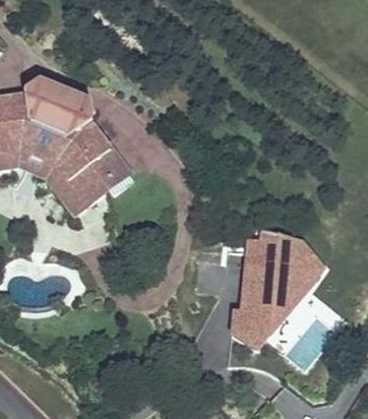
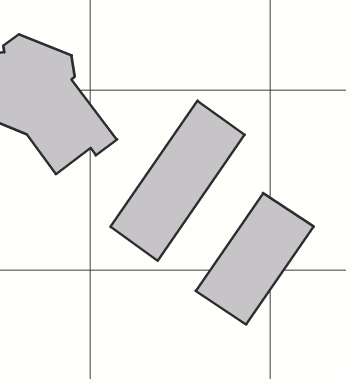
building: none -> [111,101,245,261]

